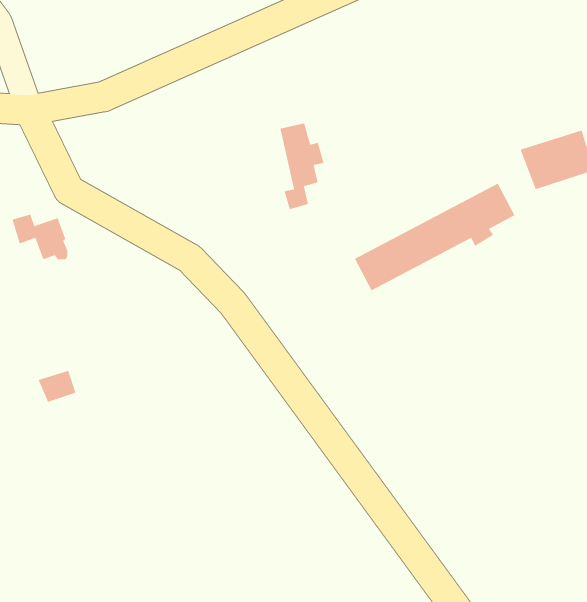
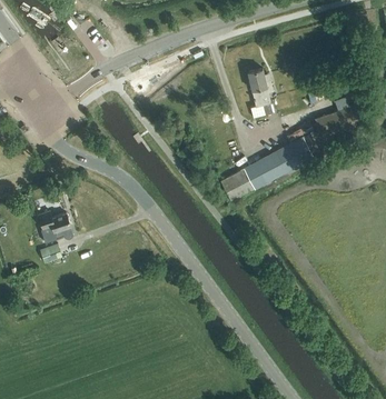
building: [279,122,324,210] -> [248,69,274,119]
building: [11,213,68,260] -> [39,211,71,238]

